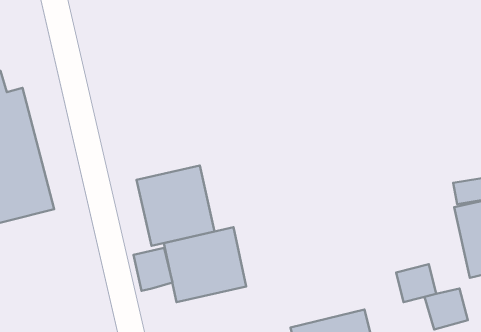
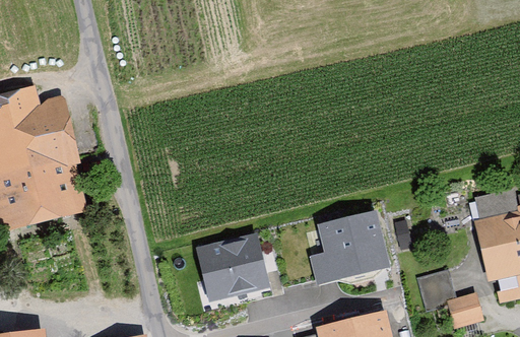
building: [137,166,215,246] -> none
building: none -> [310,206,390,285]
building: [134,248,172,291] -> none

